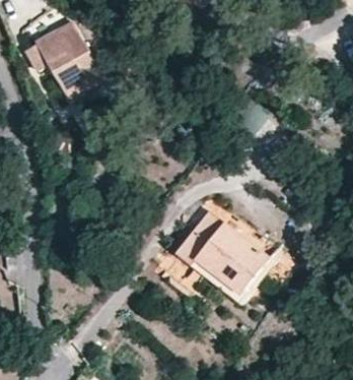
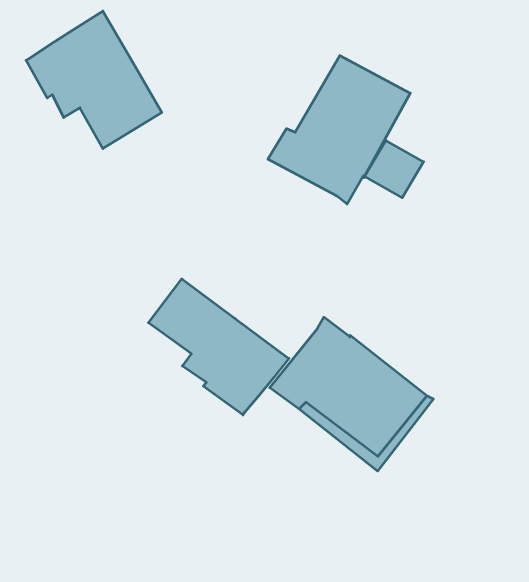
building: none -> [268,56,410,204]
building: none -> [148,279,289,415]

